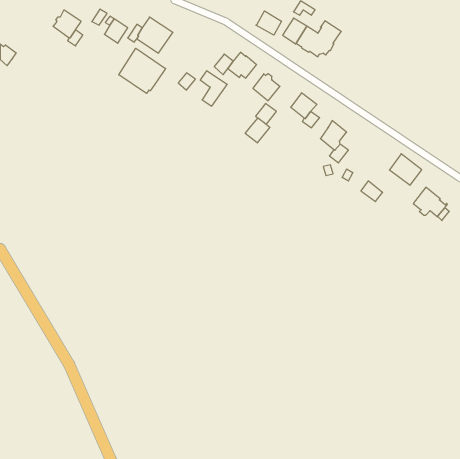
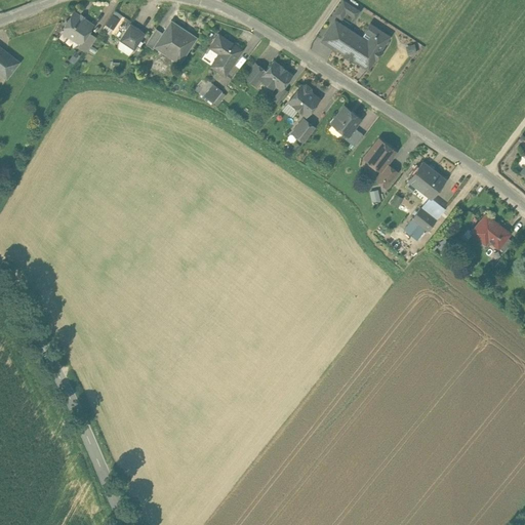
building: [256,11,281,35] -> none
building: [119,48,166,93] -> none
building: [200,71,227,106] -> [211,35,242,75]
building: [245,118,270,143] -> none
building: [389,154,422,185] -> [408,162,445,198]

